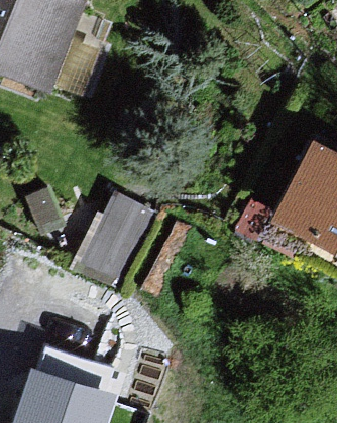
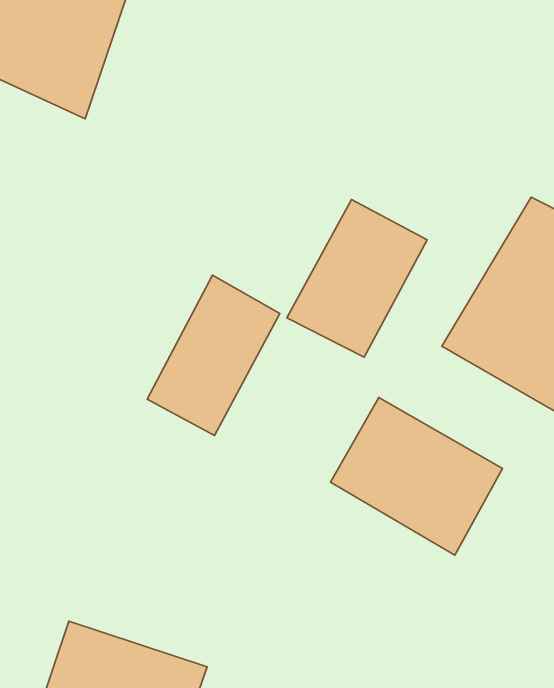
building: none -> [287,199,427,357]
building: none -> [330,398,502,555]

